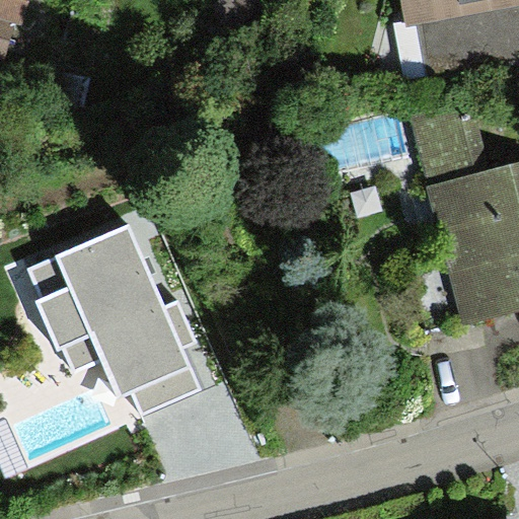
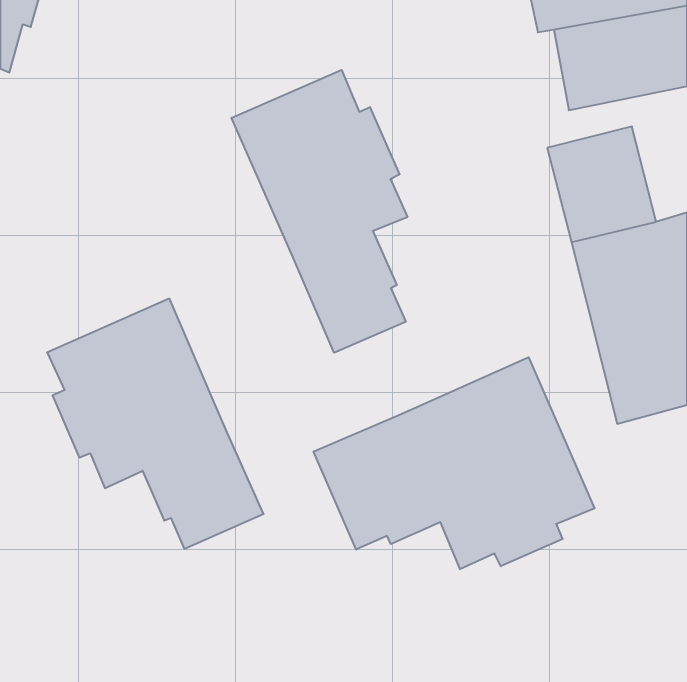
building: none -> [231,70,407,353]
building: none -> [314,357,595,569]

